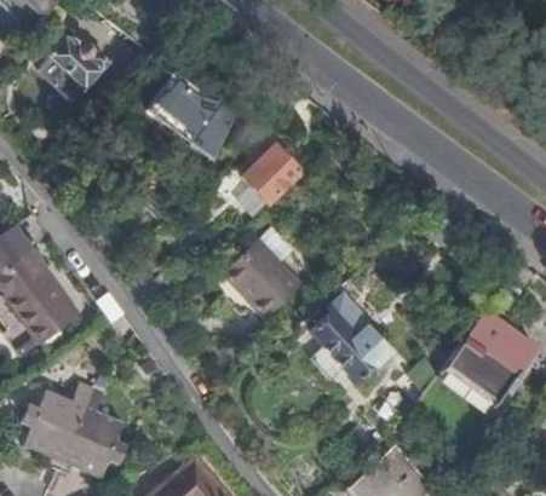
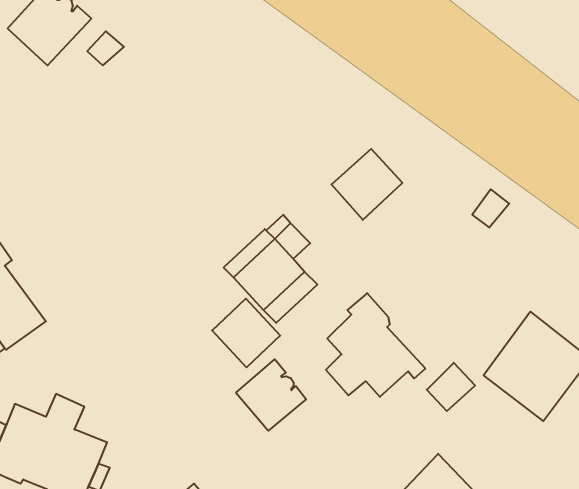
building: [142,76,235,162] -> none
building: [243,145,304,206] -> [331,149,402,220]
building: none -> [212,299,280,367]
building: none -> [236,359,306,431]

